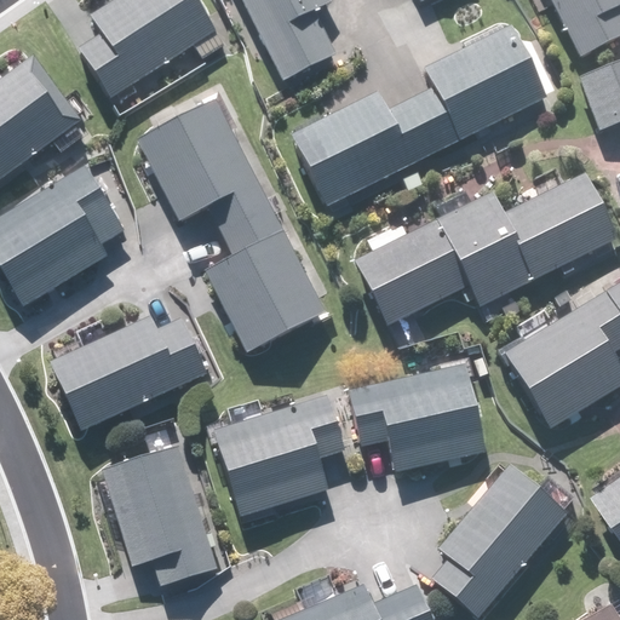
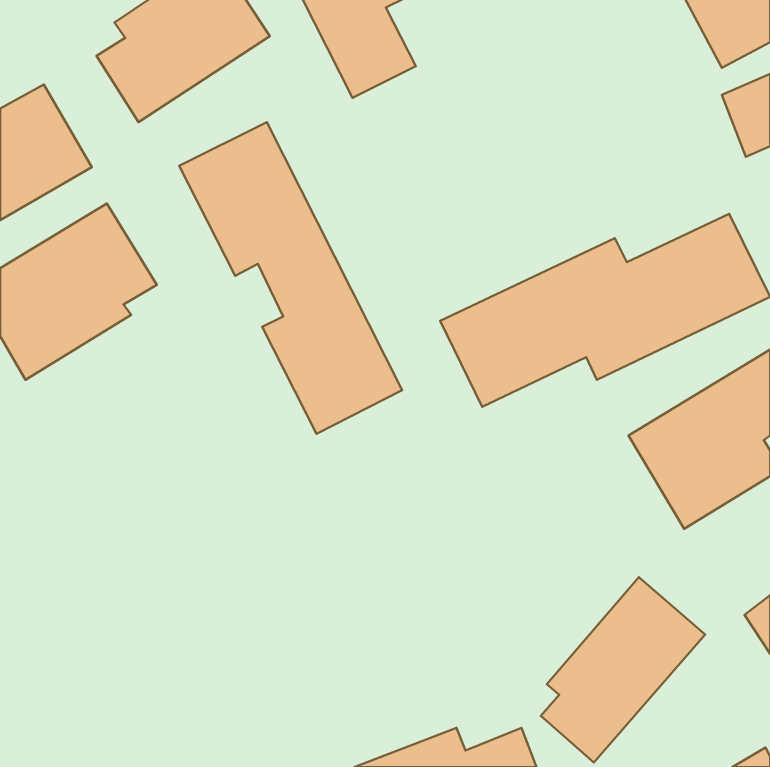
building: [293,27,545,205] -> none
building: [48,311,206,431] -> none
building: [346,362,488,470] -> none
building: [213,392,346,517] -> none
building: [103,444,217,582] -> none

